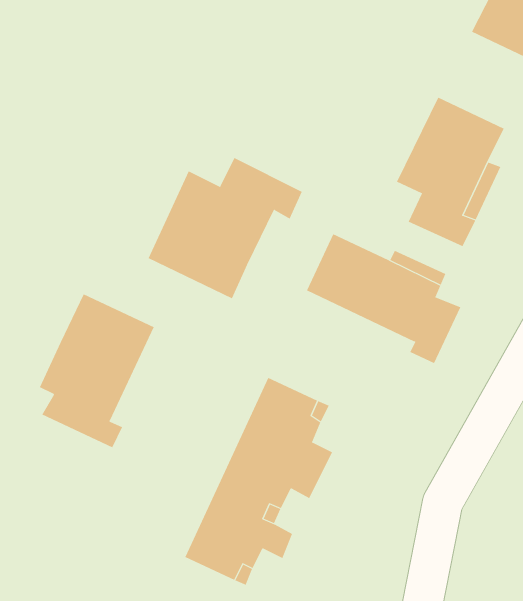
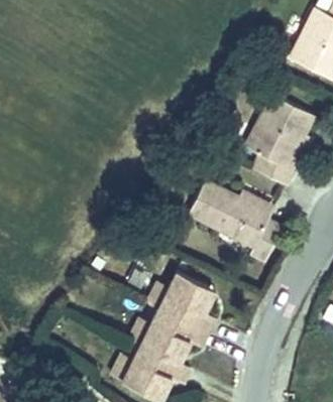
building: [148,157,303,299] -> none
building: [39,293,155,448] -> none

